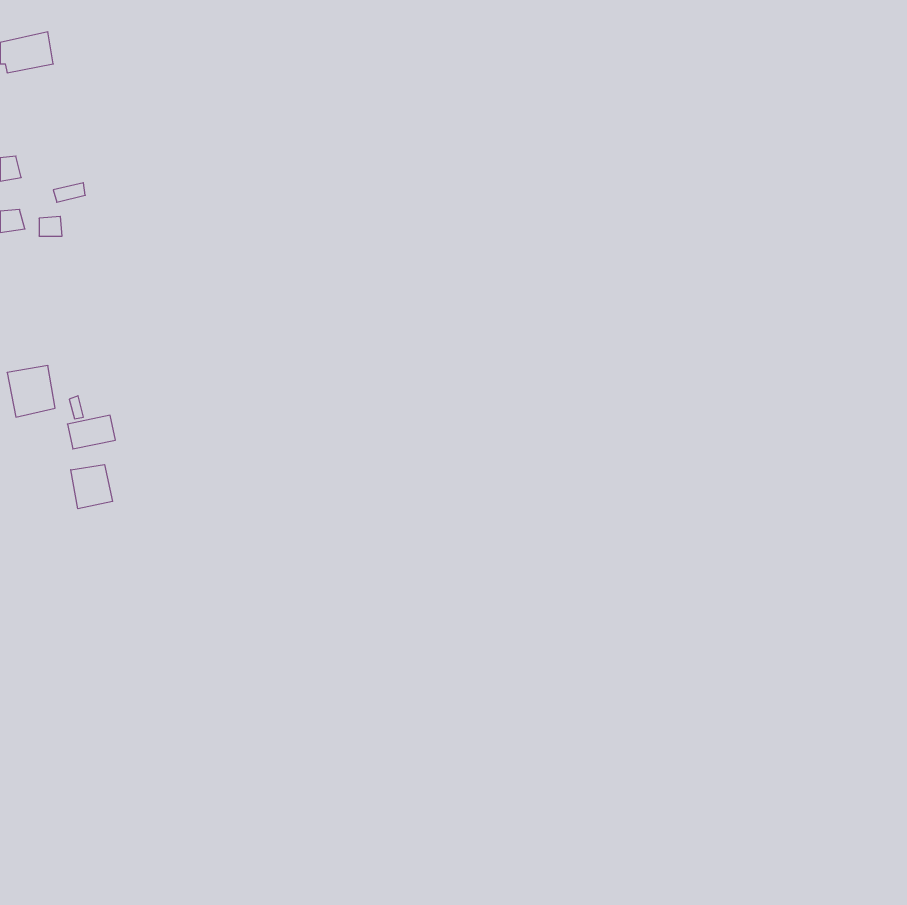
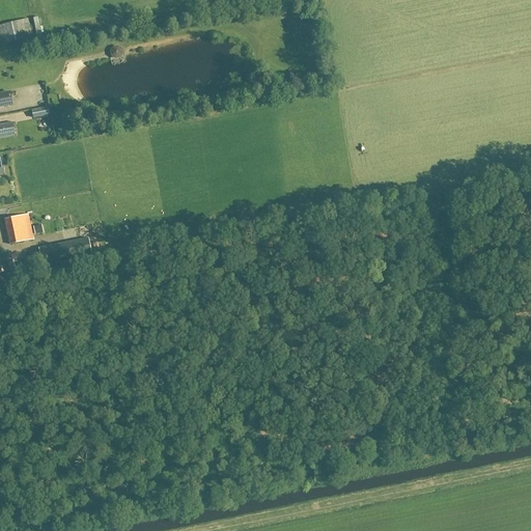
building: [71,465,113,509] -> none

